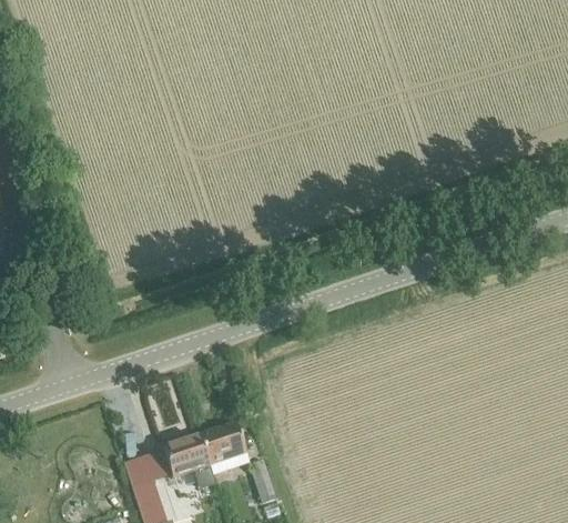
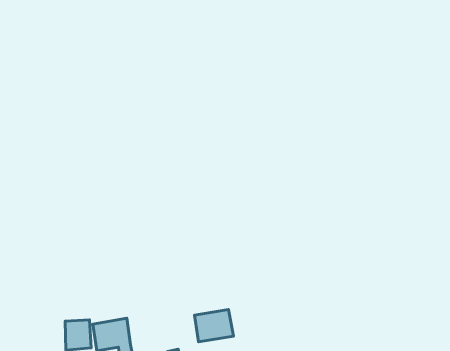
building: [194,428,241,469] -> [195,309,233,342]

